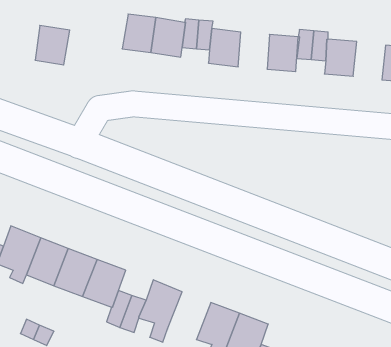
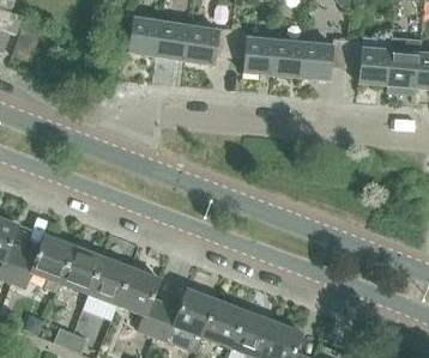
building: [35,25,70,65] -> [127,17,162,56]
building: none -> [272,40,303,77]
building: none -> [387,49,419,87]
building: none -> [201,299,244,347]

